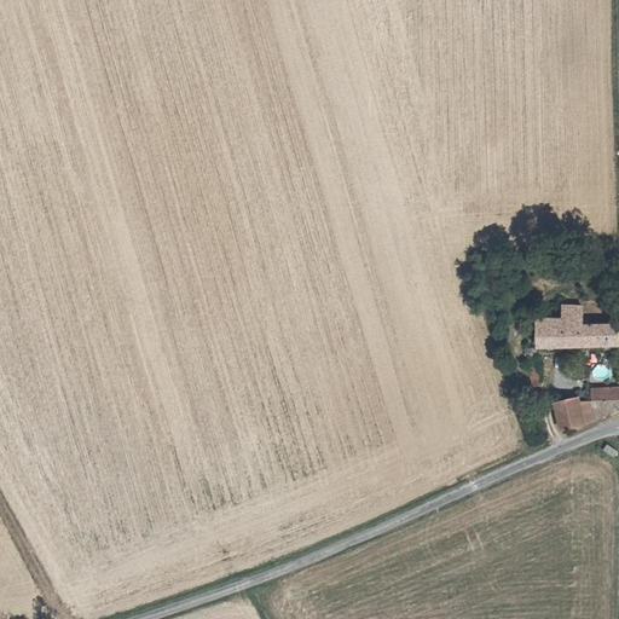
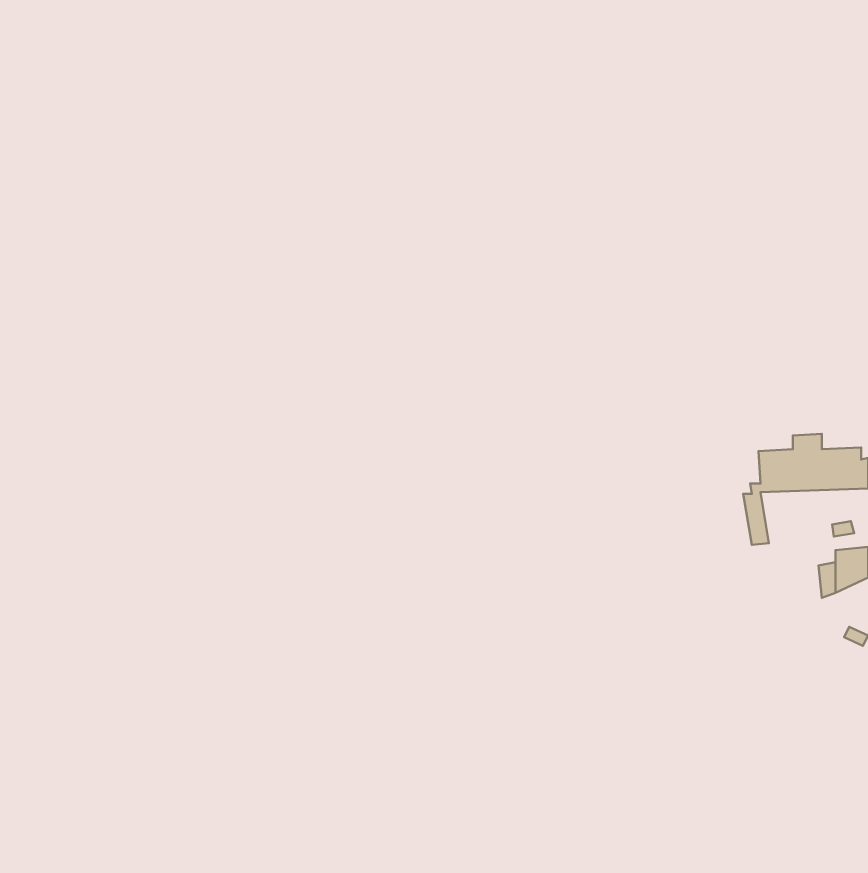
building: [555,400,582,429] -> none

